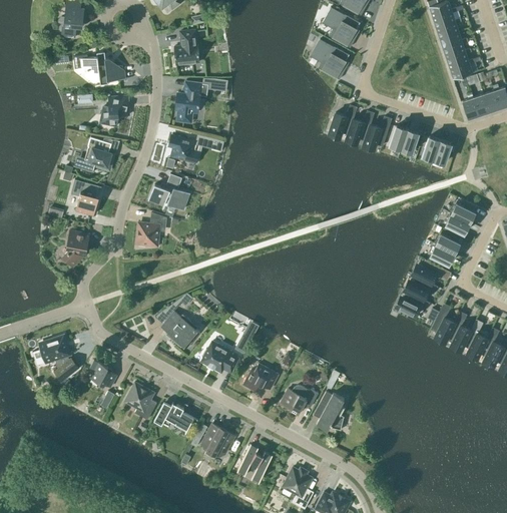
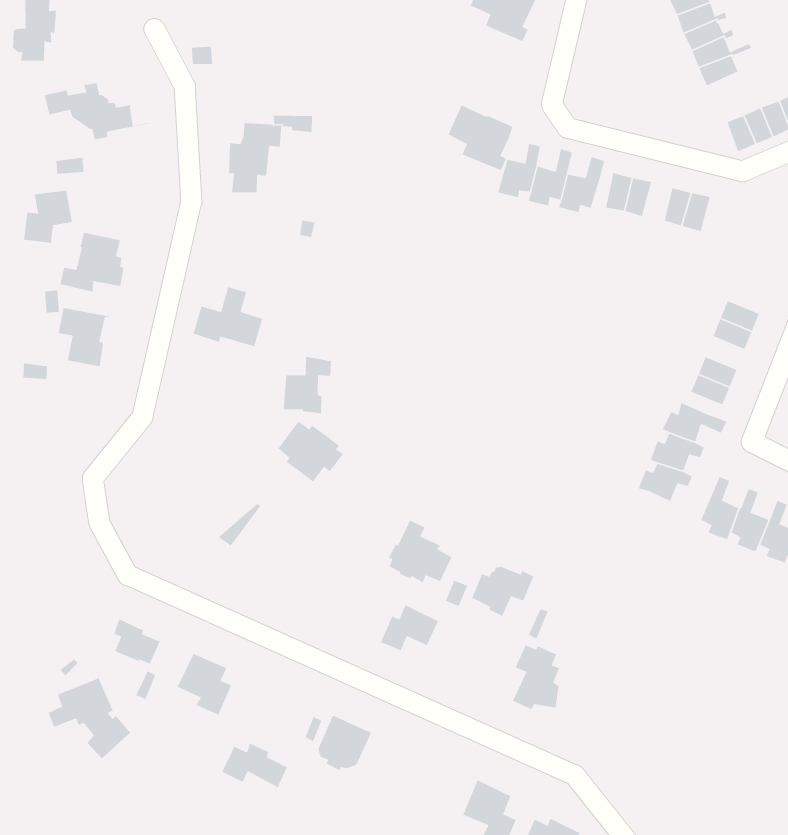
building: [173,30,199,65] -> none
building: [311,39,349,79] -> [448,104,514,171]
building: [100,96,129,126] -> [23,190,73,243]
building: [168,135,198,162] -> none
building: [136,213,166,247] -> [283,356,332,414]
building: [63,230,89,267] -> none
building: [161,312,199,348] -> [277,421,344,483]
building: [32,335,79,382] -> [48,677,131,759]
building: [201,336,238,373] -> [388,520,453,583]
building: [281,386,318,415] -> [471,566,534,617]
building: [154,403,197,433] -> [220,742,295,793]
building: [237,445,272,480] -> none

